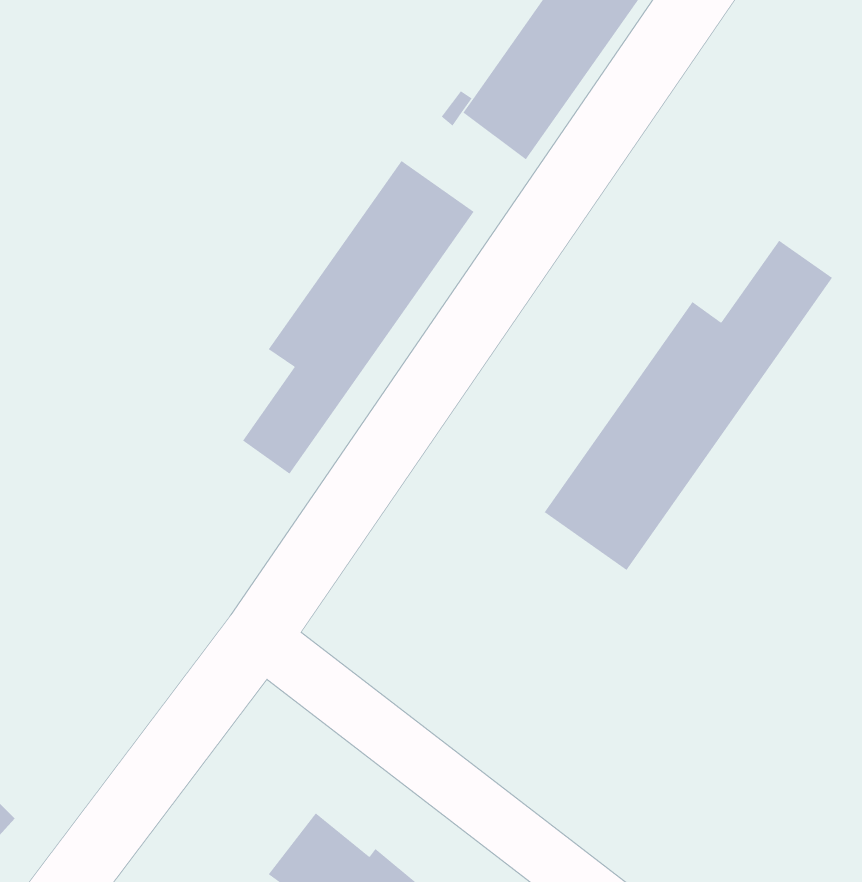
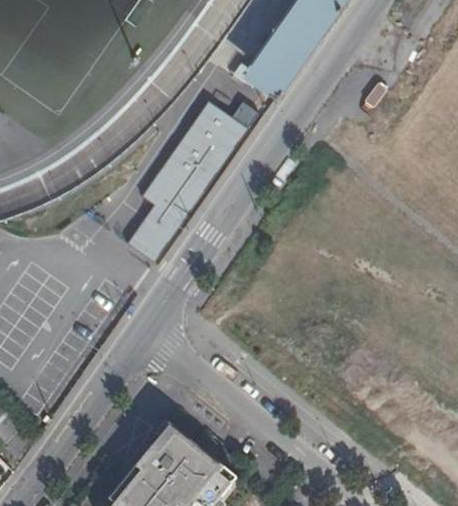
building: [544,240,833,571] -> none

